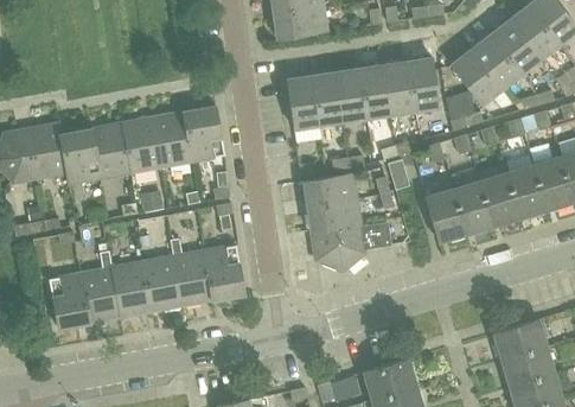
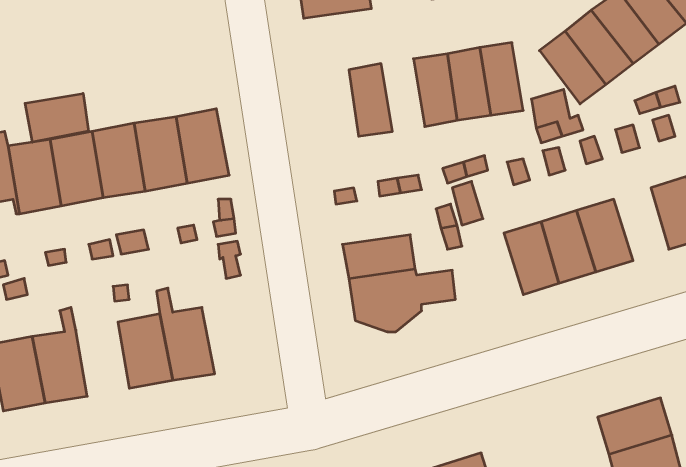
building: [334,69,366,122] -> none
building: [286,77,318,129] -> none
building: none -> [25,93,89,142]
building: [505,164,545,217] -> none
building: [302,173,356,205] -> none
building: [203,246,243,300] -> none
building: [110,262,149,317] -> none

